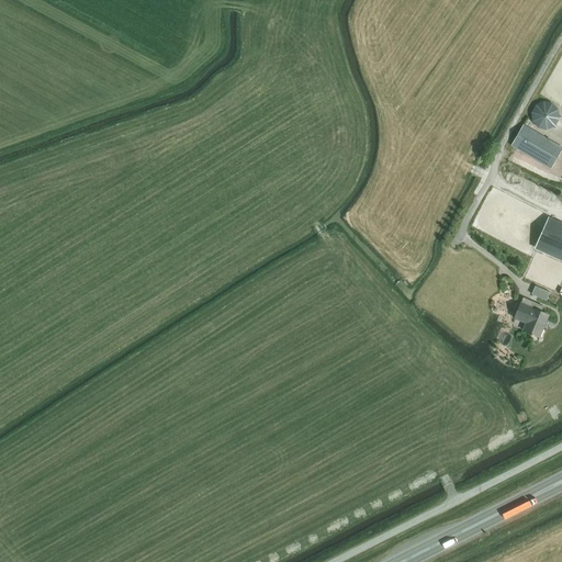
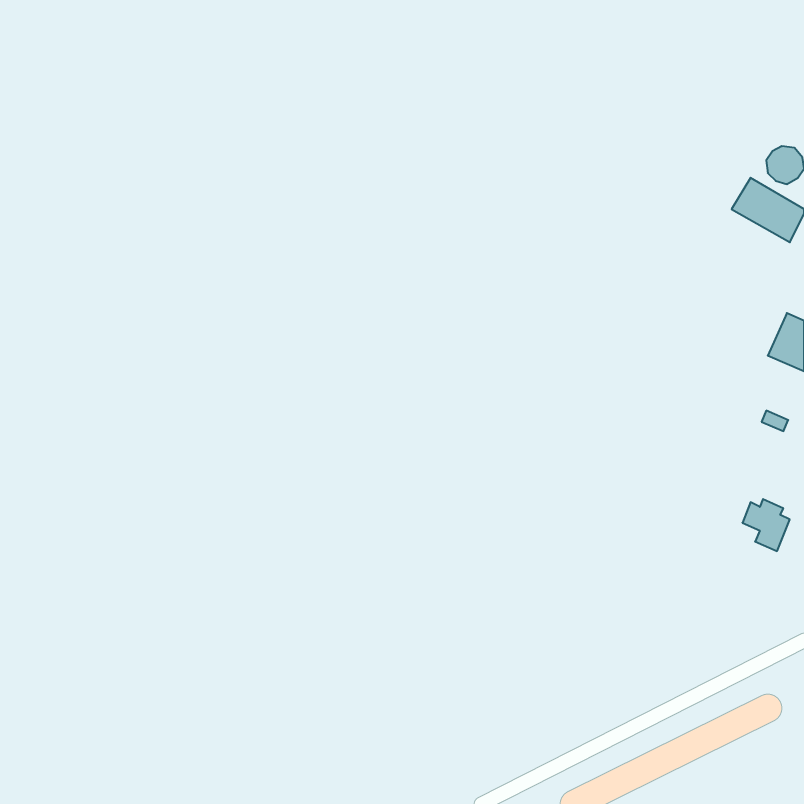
building: [515,301,548,337] -> [742,499,790,551]

